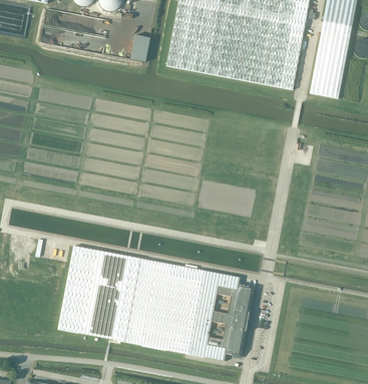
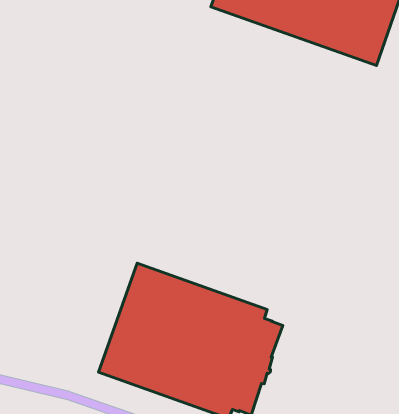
building: [57,245,140,341] -> none

